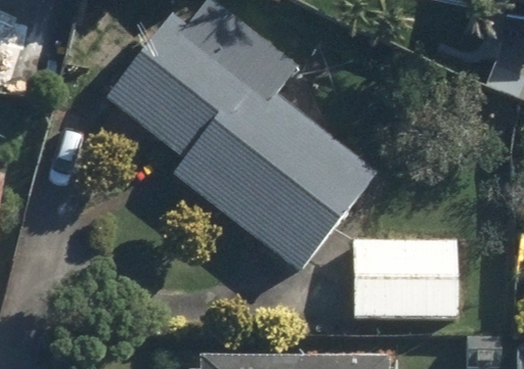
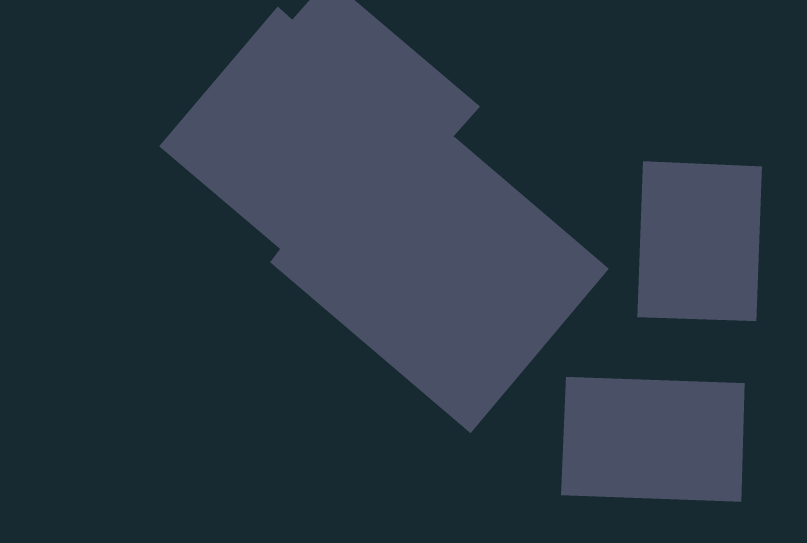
building: none -> [637,161,762,322]

